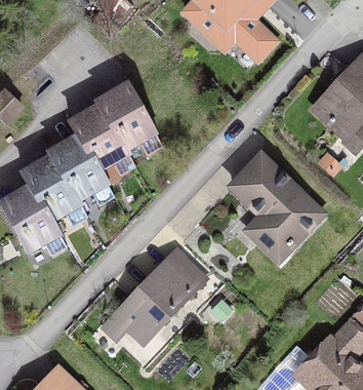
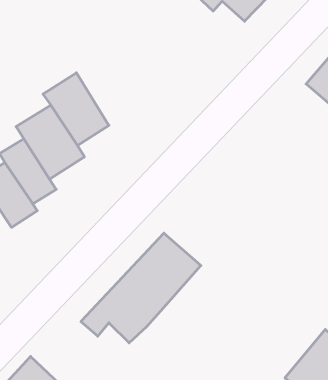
building: [99,82,161,150] -> none
building: [223,153,325,265] -> none

